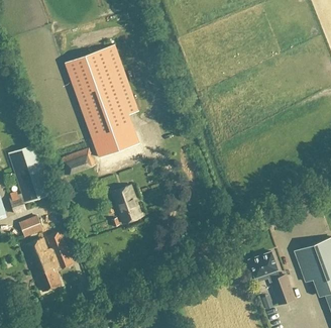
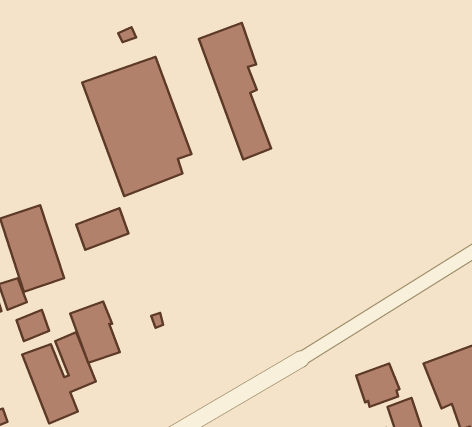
building: none -> [199,23,271,159]
building: [92,123,138,156] -> none
building: [109,183,142,224] -> [70,301,120,363]

